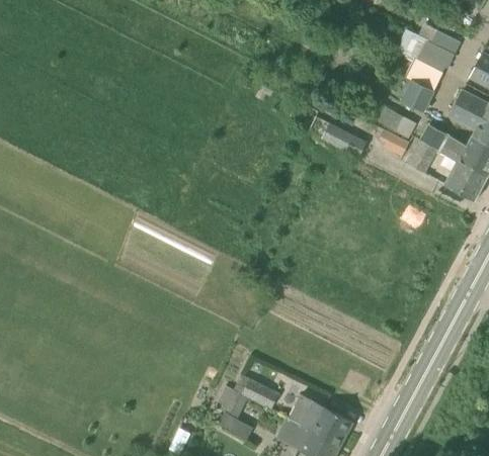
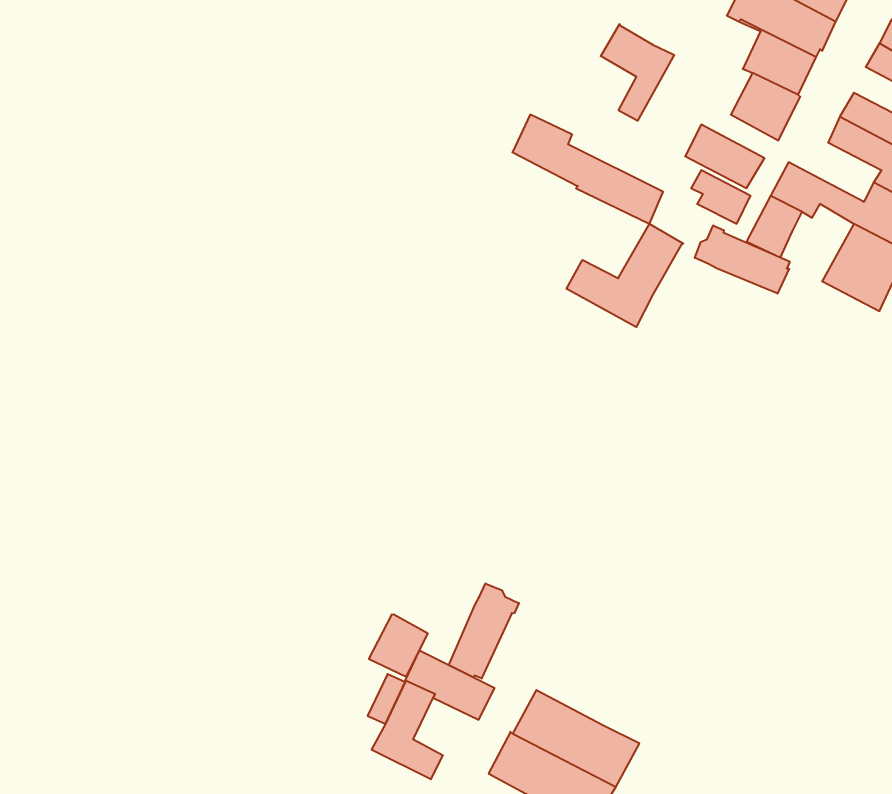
building: none -> [601,24,674,121]
building: none -> [567,224,683,327]
building: none -> [695,225,790,294]
building: none -> [449,583,519,679]
building: none -> [369,614,428,677]

